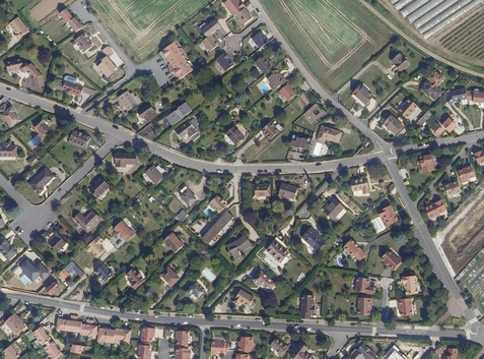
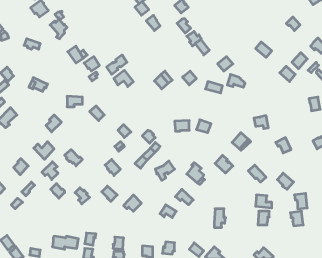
building: [162,42,194,78] -> none
building: [58,316,97,337] -> none

